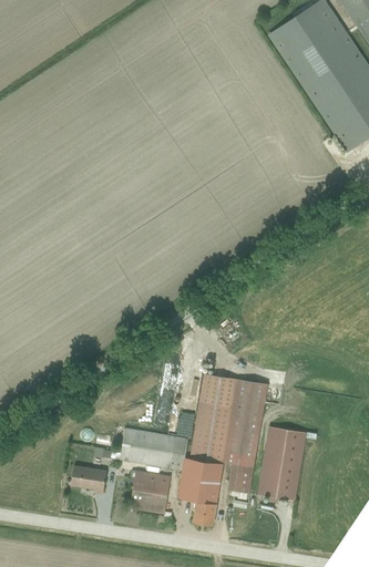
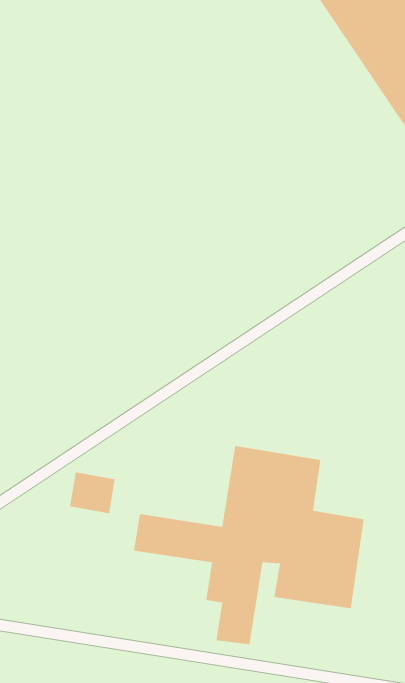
building: [75,462,111,494] -> [69,472,115,514]
building: [132,475,167,508] -> none

